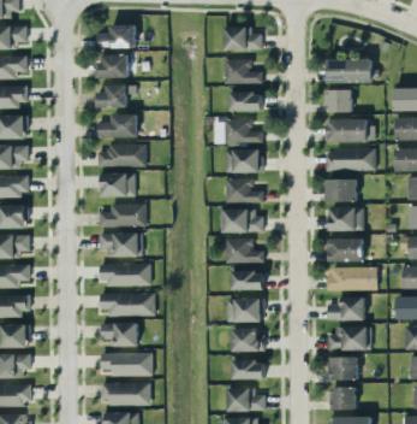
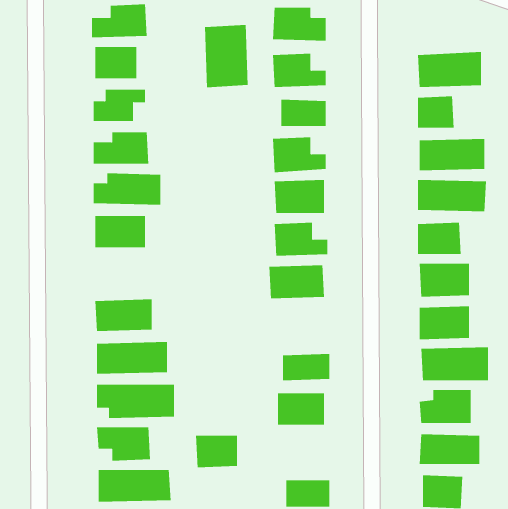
building: none -> [204,24,248,88]
building: [99,204,145,226] -> none
building: [225,239,263,263] -> none
building: [232,329,262,352] -> [195,435,238,468]

